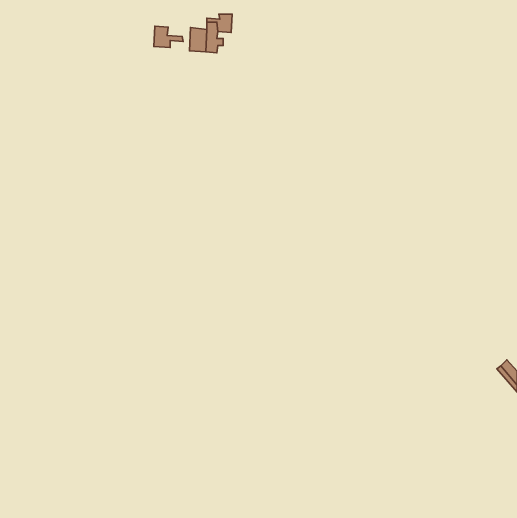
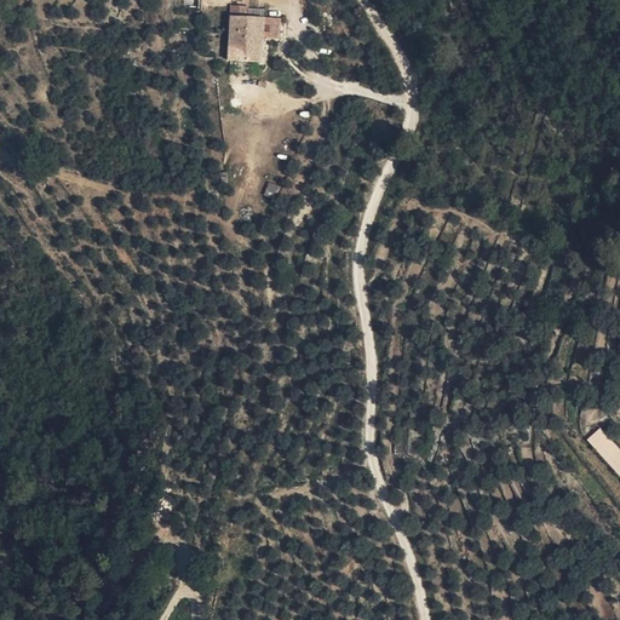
building: [154,26,183,48] -> [228,5,263,30]

